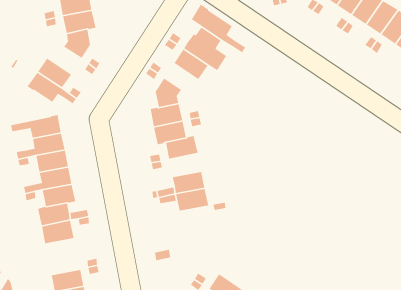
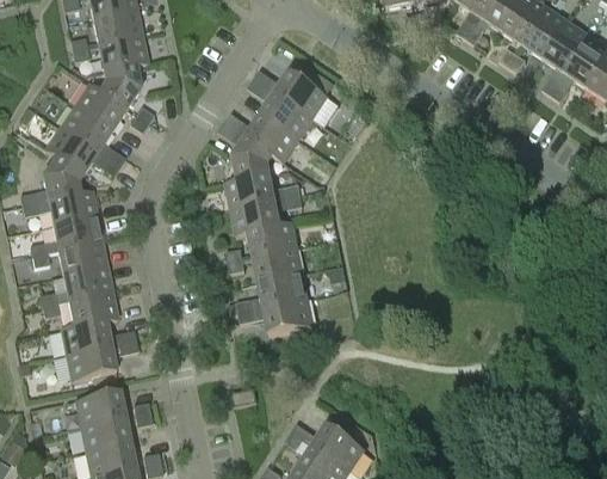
building: [191,4,246,53] -> none
building: none -> [75,84,126,131]
building: none -> [247,115,298,162]
building: none -> [20,155,83,205]
building: none -> [254,247,303,282]
building: none -> [75,391,125,426]

